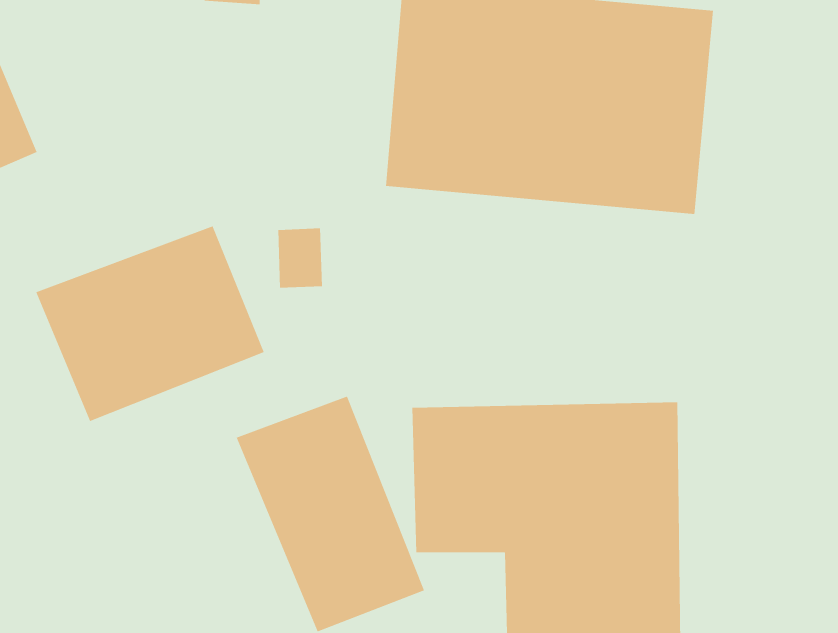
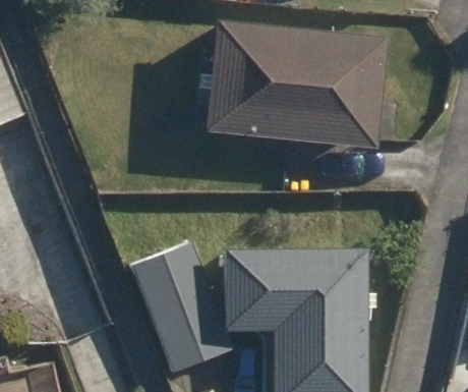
building: [36,226,264,422] -> none

